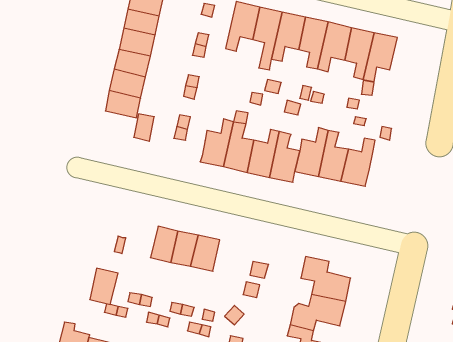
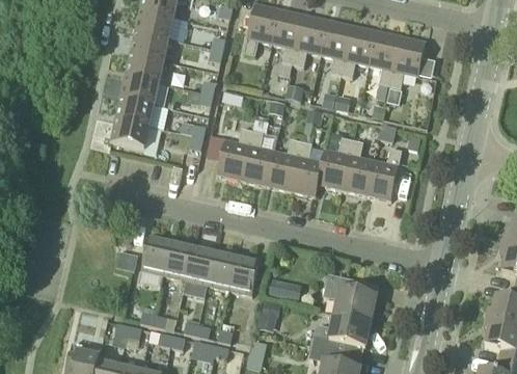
building: none -> [111,119,149,150]
building: none -> [230,257,261,295]
building: [90,268,118,304] -> [142,237,172,275]

